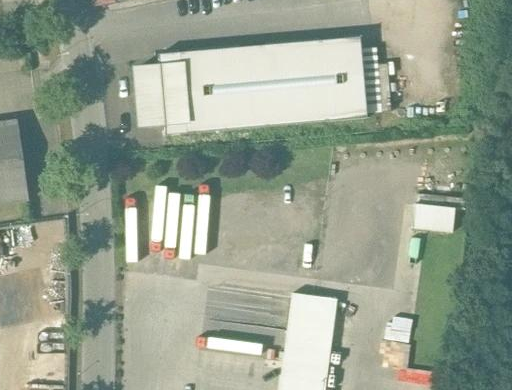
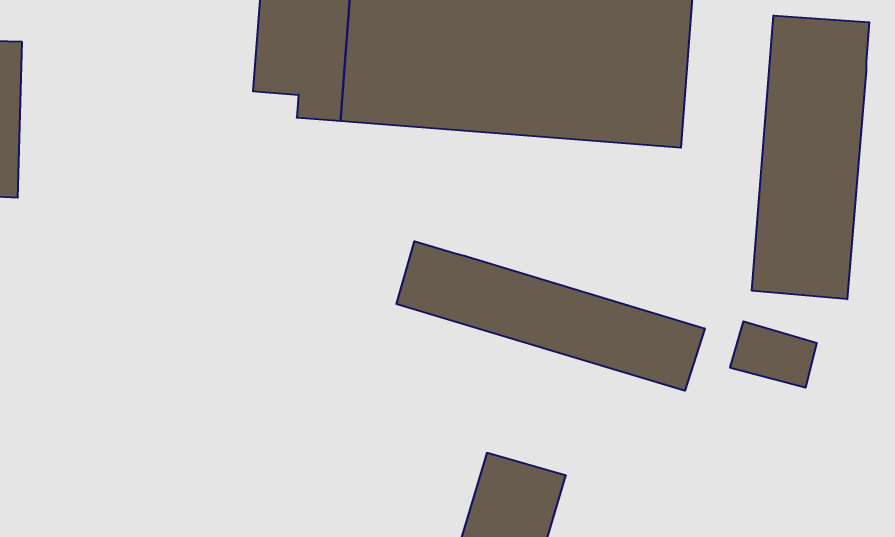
building: none -> [752,15,869,299]
building: none -> [396,241,705,391]

